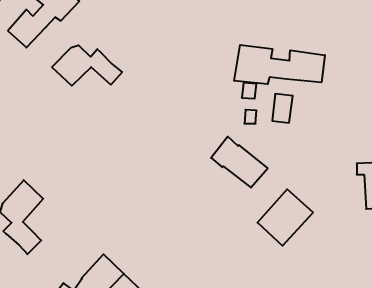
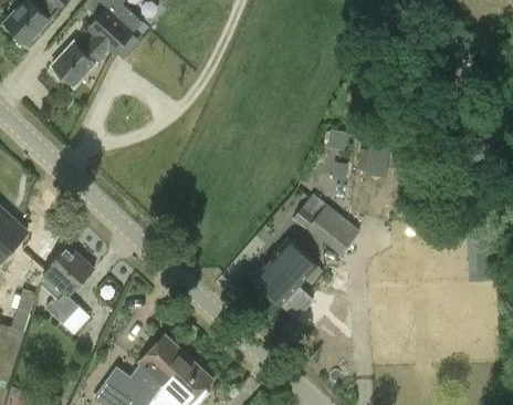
building: [234,45,325,84] -> none
building: [52,45,122,86] -> none
building: [257,189,313,246] -> [250,239,316,307]

